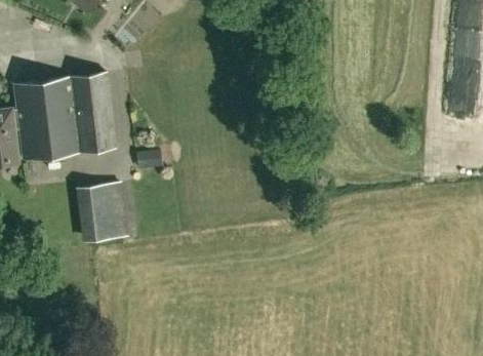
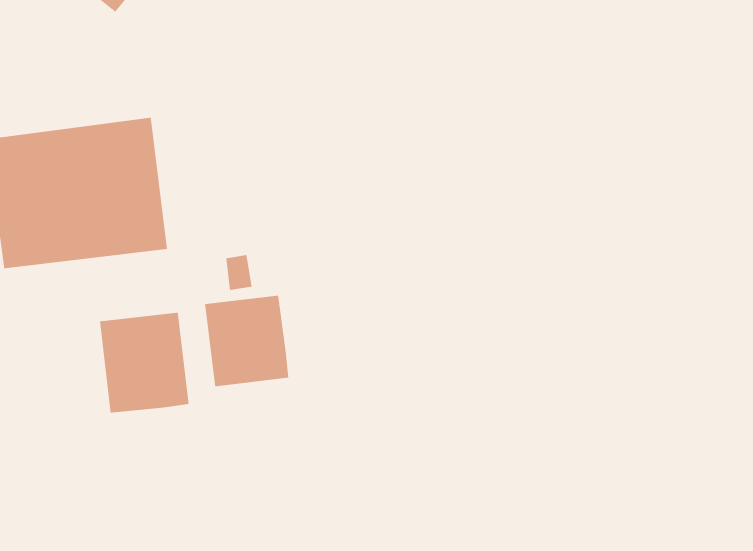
building: none -> [205,295,289,387]

